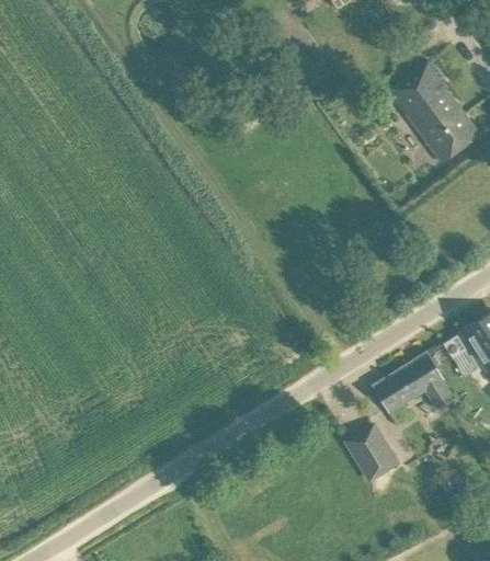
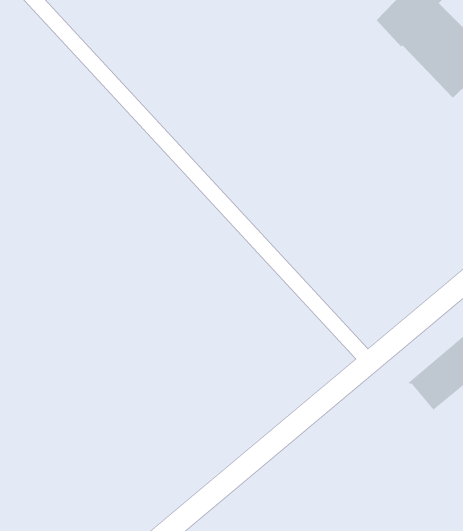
building: [346,425,396,480] -> none

